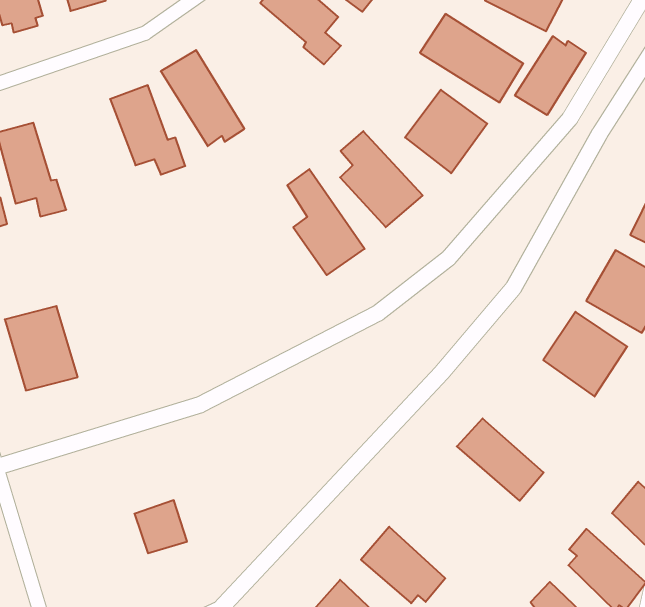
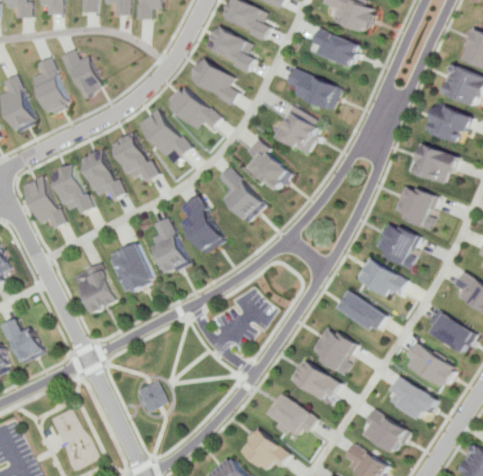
building: none -> [166,86,220,129]
building: [515,36,586,115] -> none
building: none -> [81,149,125,198]
building: none -> [178,196,228,254]
building: none -> [151,217,191,274]
building: none -> [108,242,158,294]
building: none -> [356,256,410,296]
building: none -> [311,325,357,375]
building: [134,500,187,553] -> [136,380,168,412]

